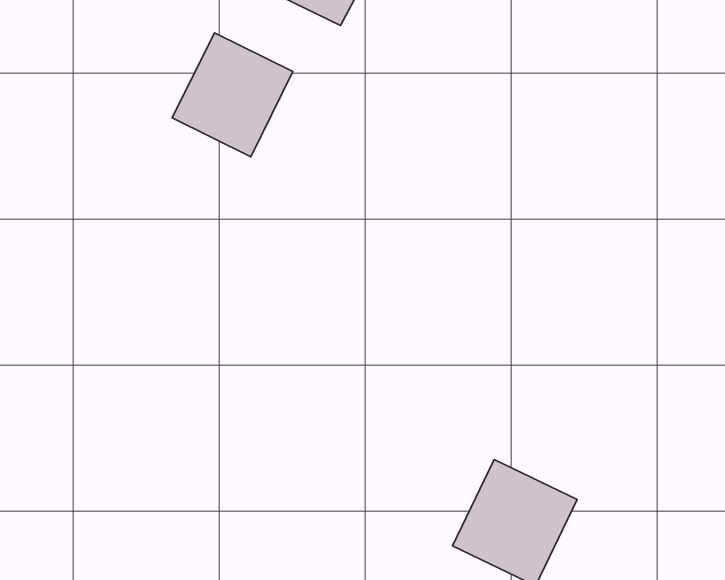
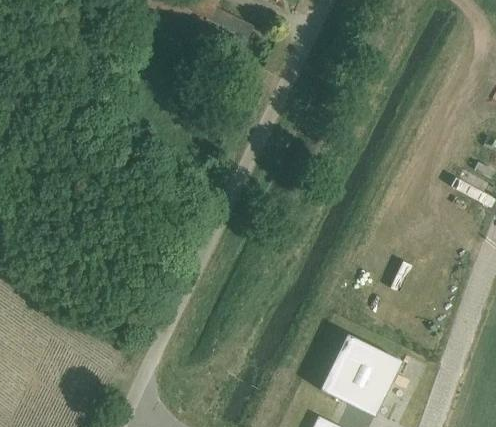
building: [172,33,293,157] -> none

